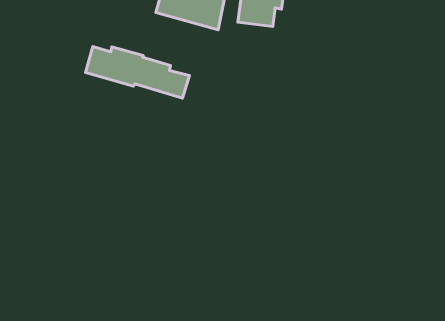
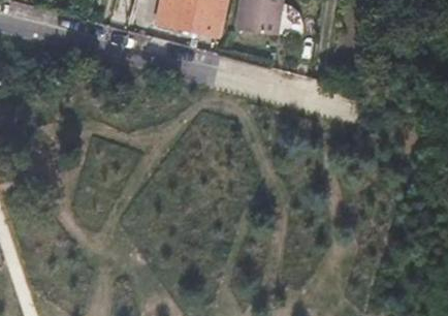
building: [85,47,189,98] -> none

